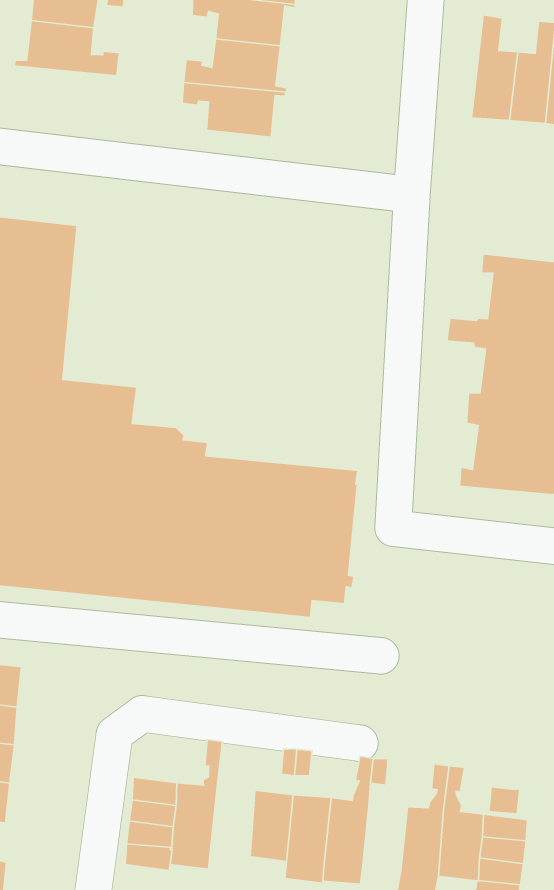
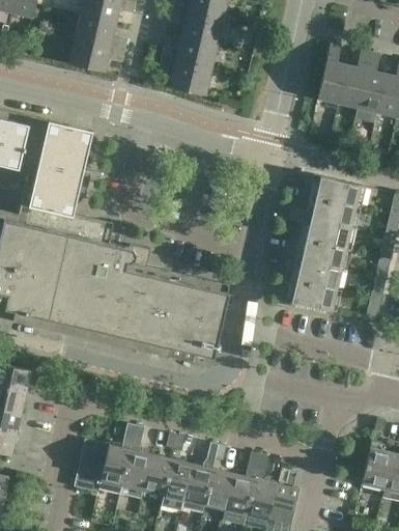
building: none -> [68,38,124,72]
building: none -> [120,425,151,500]
building: none -> [205,469,234,510]

